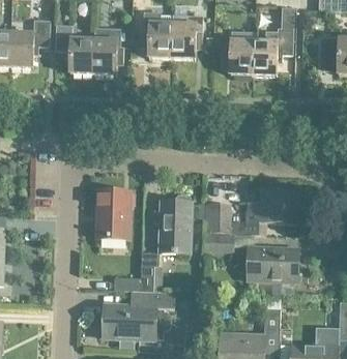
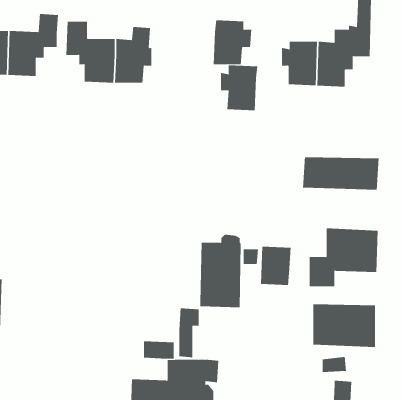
building: [141,23,171,59] -> [220,65,258,111]
building: none -> [302,157,379,190]
building: [95,190,129,238] -> none
building: [204,232,234,252] -> none

